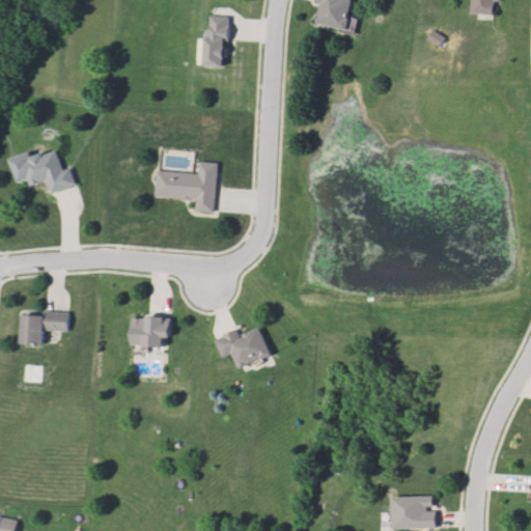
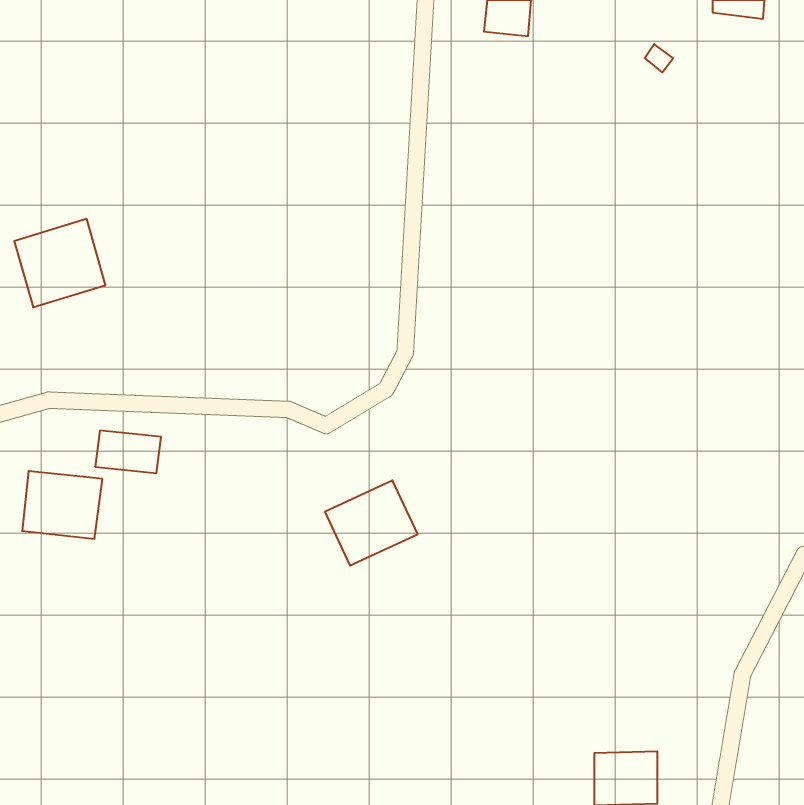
building: [205,13,229,65] -> none
building: [157,161,215,211] -> none
building: [130,315,173,343] -> [95,431,161,473]

